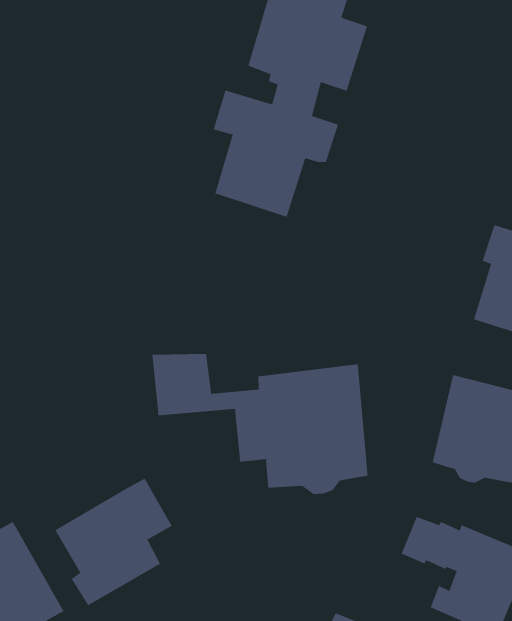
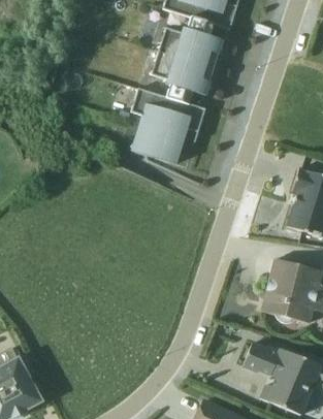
building: [152,353,368,495] -> none
building: [55,478,172,606] -> none

